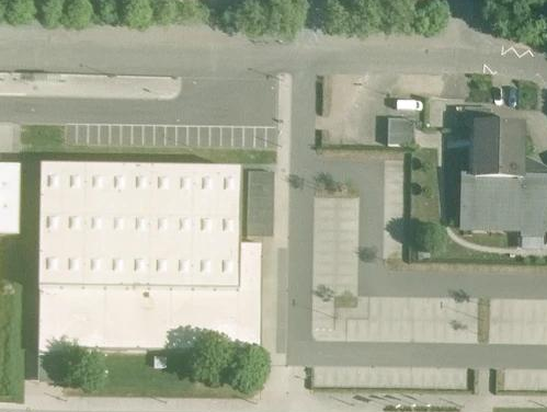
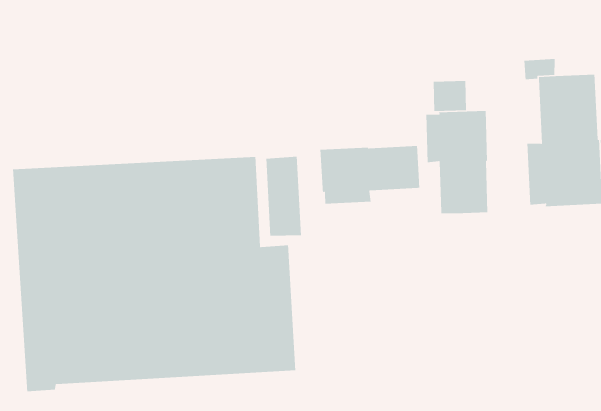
building: none -> [425,110,488,214]
building: none -> [320,145,420,205]

